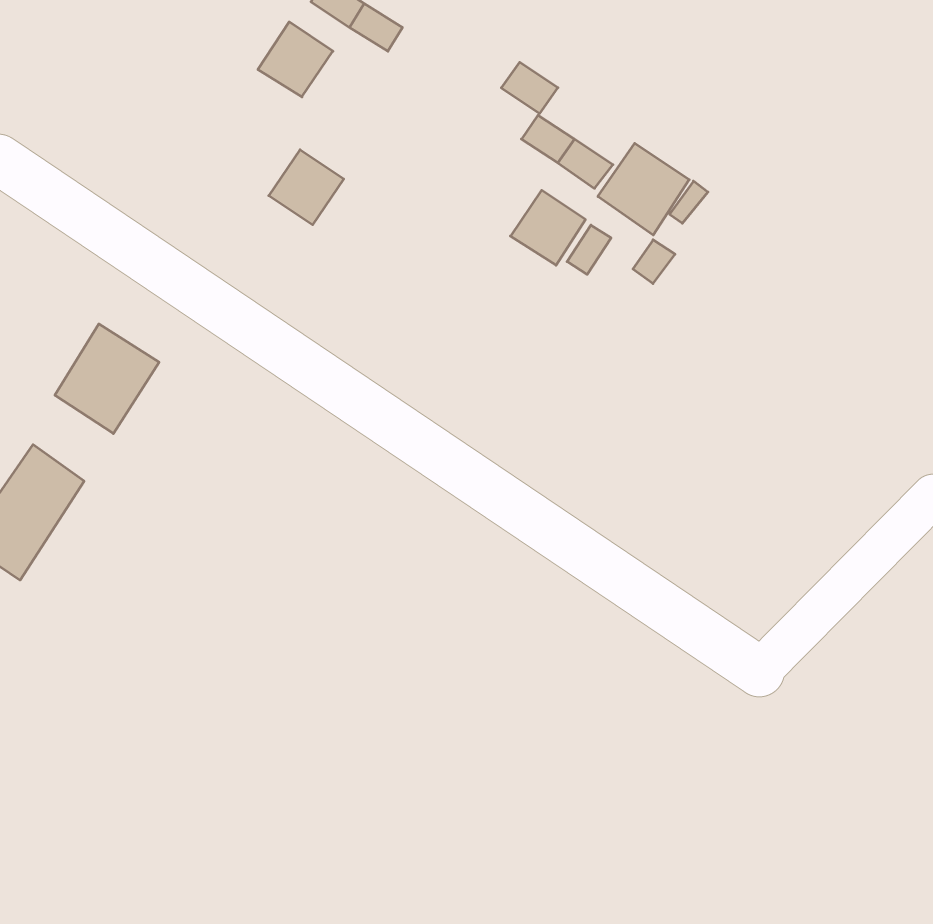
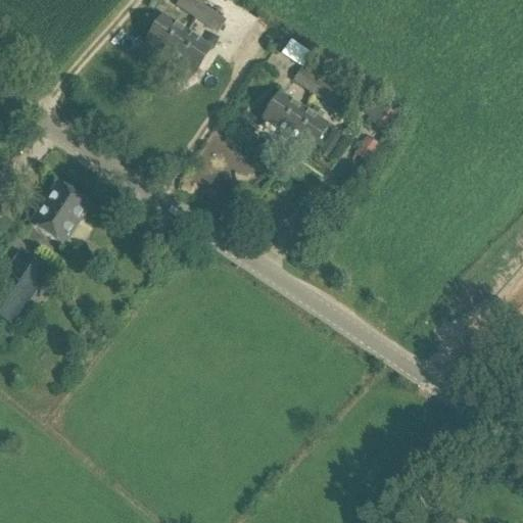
building: [598,143,689,235] -> none
building: [269,150,344,225] -> [169,29,210,70]
building: none -> [260,90,302,132]

